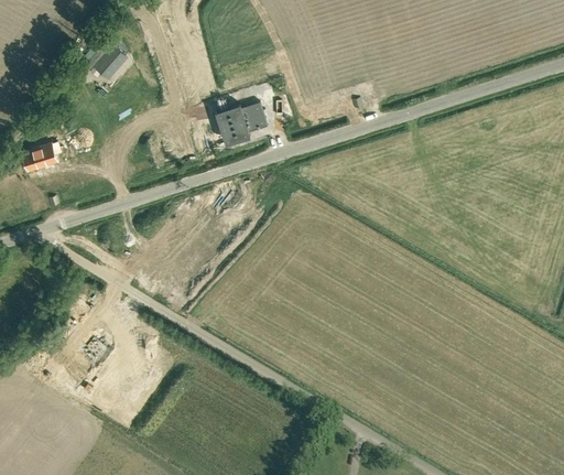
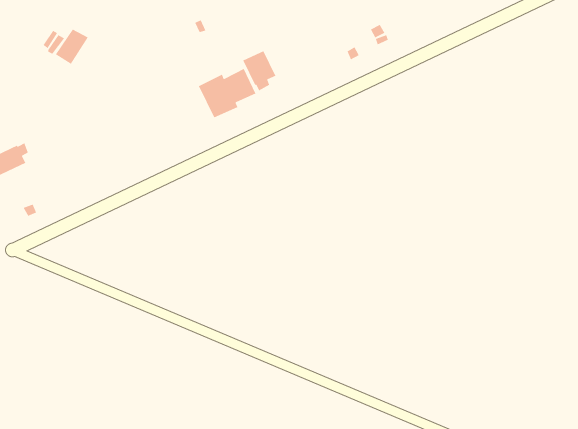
building: none -> [242,50,276,92]

